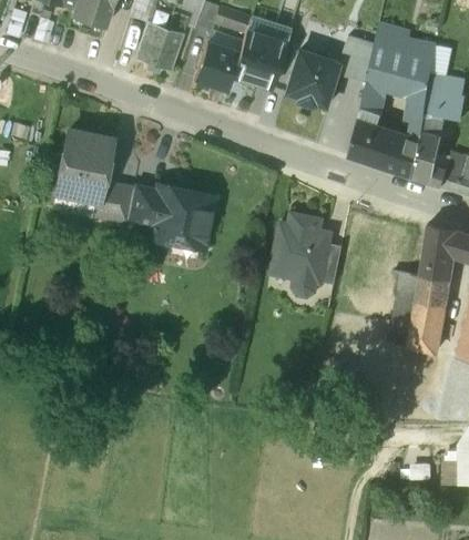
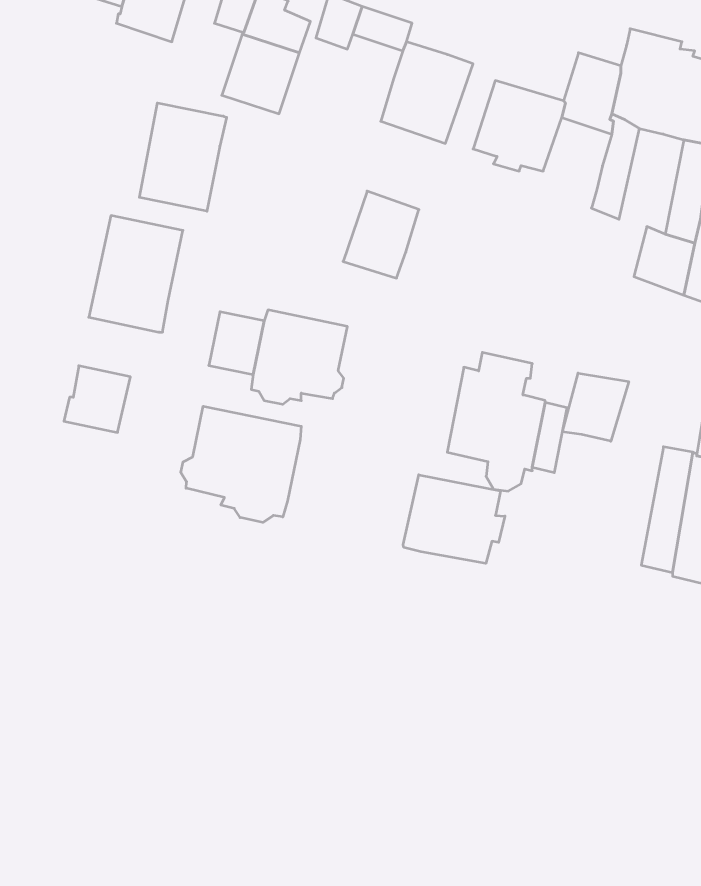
building: [193,38,238,90] -> [343,191,419,278]
building: none -> [139,103,227,211]
building: [349,126,390,167] -> none
building: [94,182,134,222] -> [64,366,130,432]
building: none -> [563,373,629,441]
building: none -> [181,406,301,522]
building: none -> [403,475,505,563]

